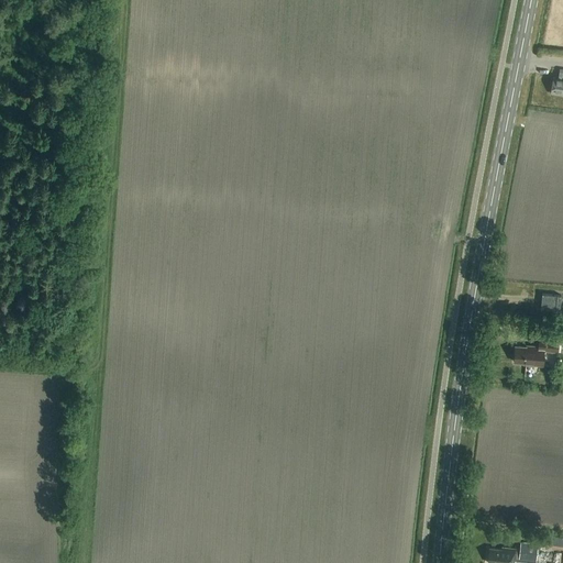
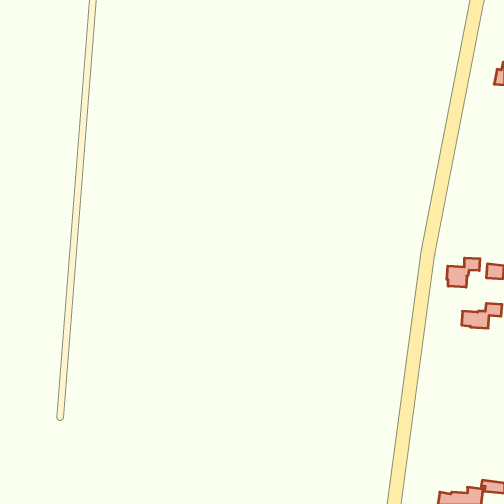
building: none -> [447,258,480,287]

